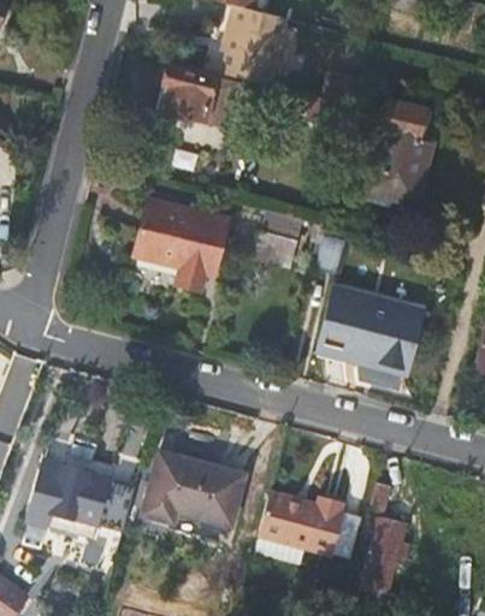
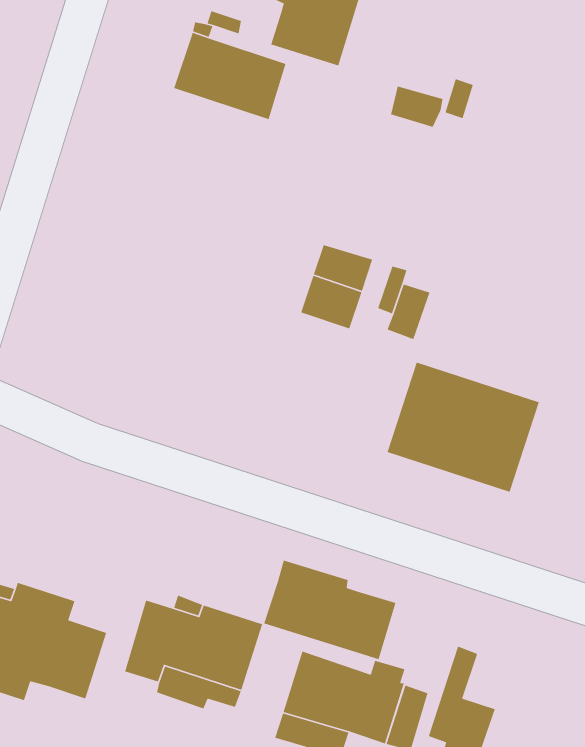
building: [366,101,432,205] -> none
building: [134,197,226,285] -> none
building: none -> [263,559,397,660]

